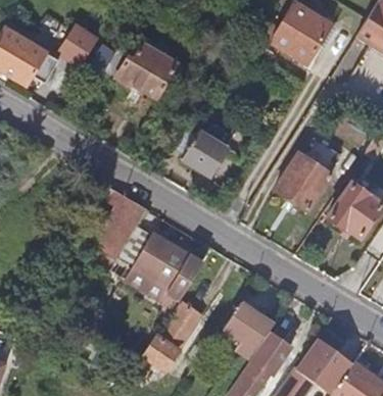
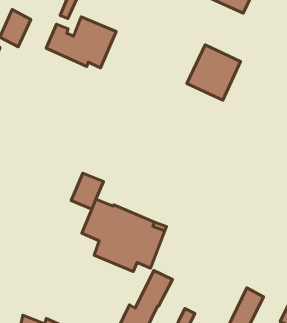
building: [179,130,224,174] -> none
building: [274,151,330,208] -> [187,45,240,100]
building: [226,306,271,360] -> none

